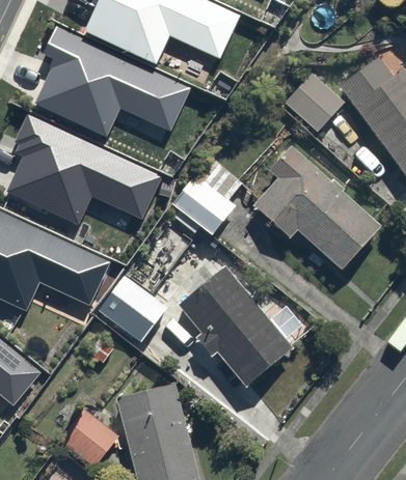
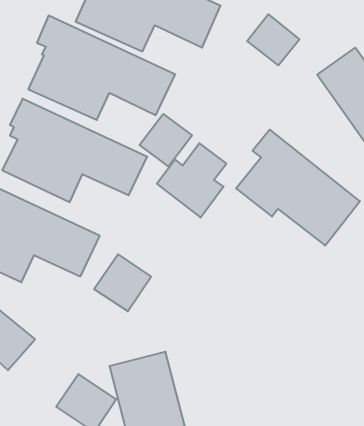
building: [289,75,345,130] -> [247,14,299,65]
building: none -> [140,114,192,167]
building: [174,264,292,385] -> none

